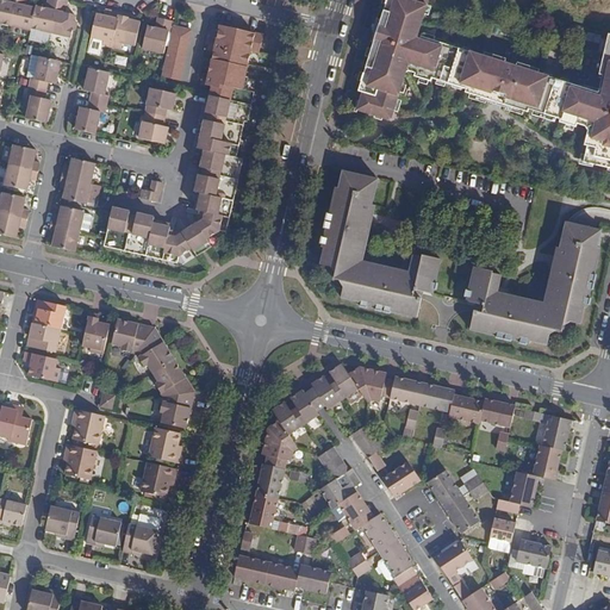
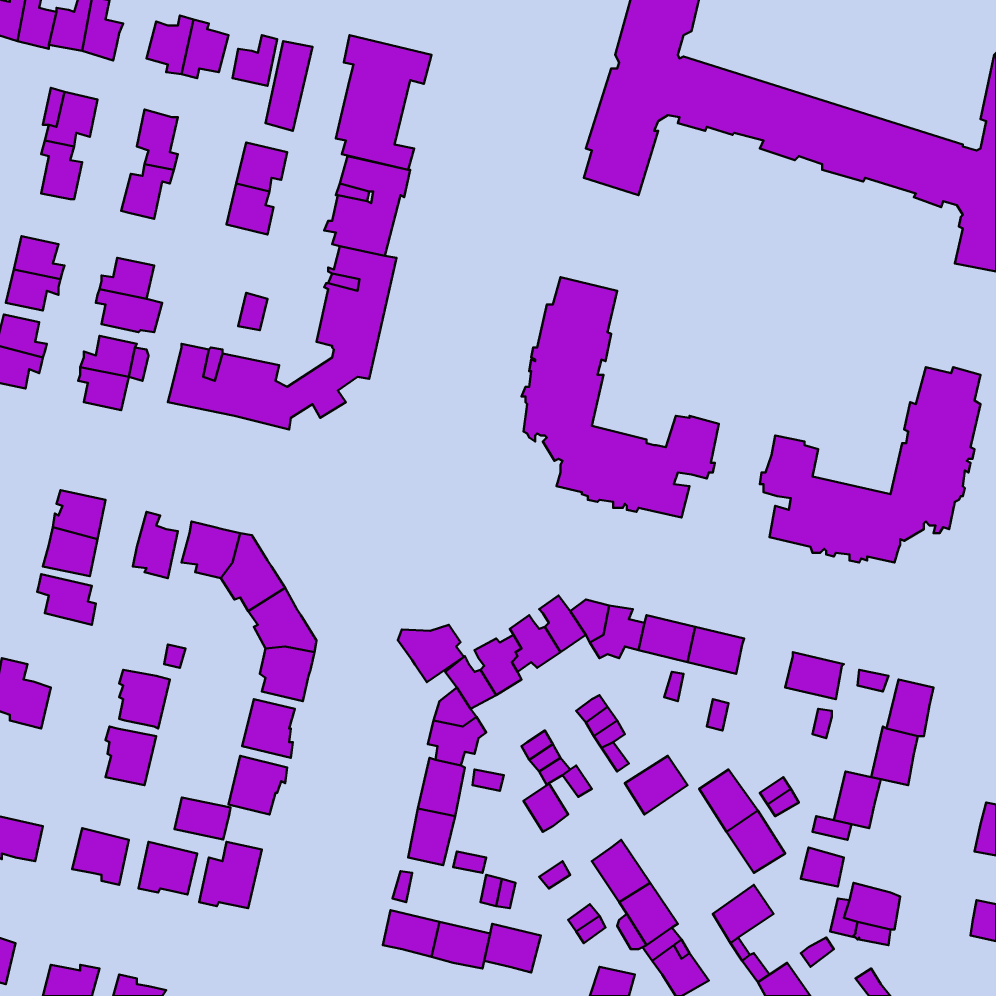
building: none -> [398,625,464,682]
building: [448,393,484,423] -> none
building: none -> [175,797,231,839]
building: [337,491,373,530] -> none

